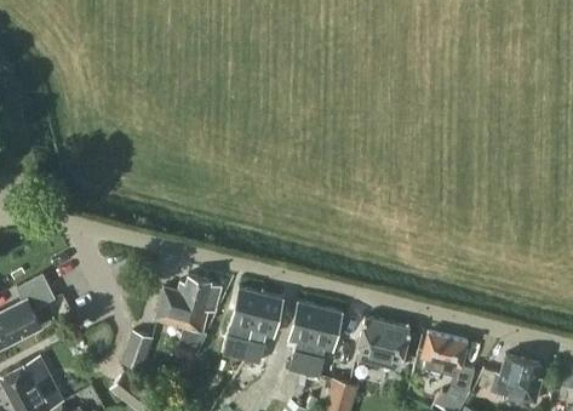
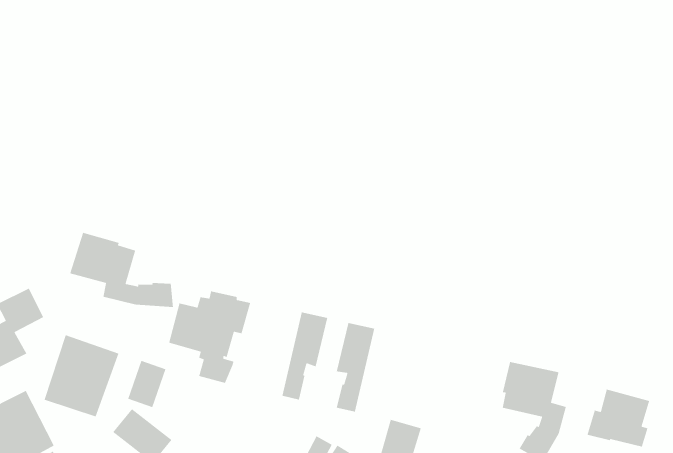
building: none -> [69,232,174,308]
building: [229,287,260,361] -> none
building: [304,307,342,378] -> none
building: none -> [43,334,119,418]
building: [354,318,409,371] -> none

